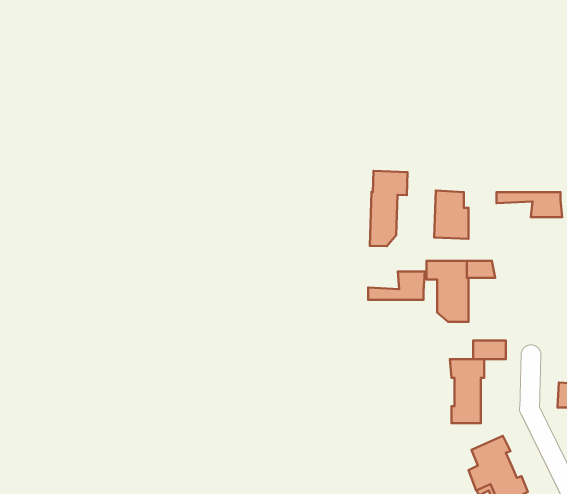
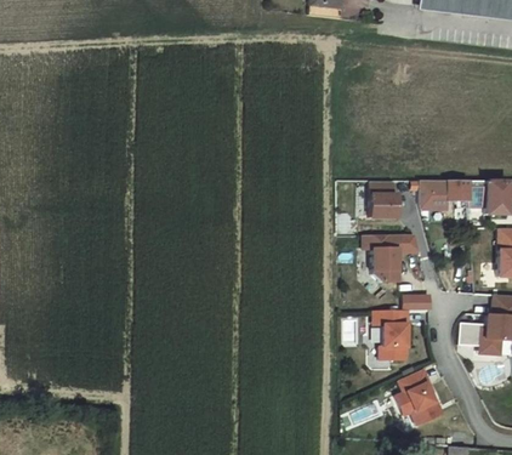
building: [370,171,407,246] -> none
building: none -> [417,186,445,207]
building: [368,272,425,300] -> none

